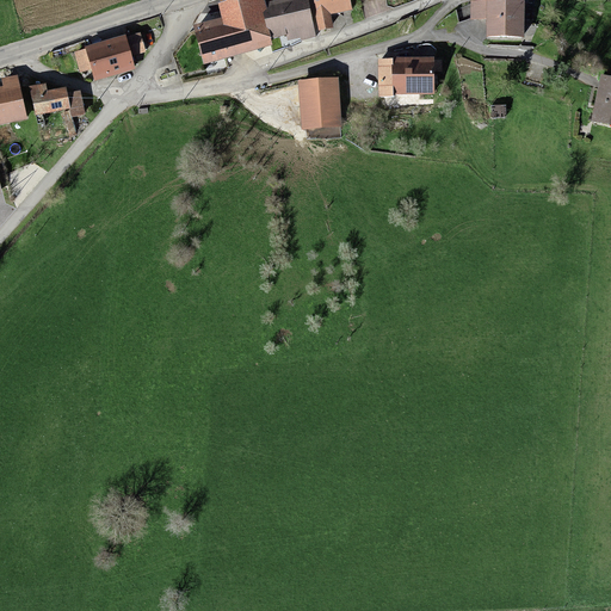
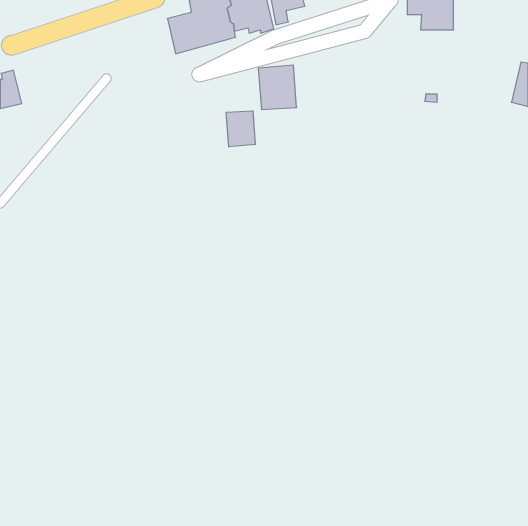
building: [74,30,146,79] -> none
building: [377,54,434,94] -> none
building: [27,87,84,118] -> none
building: none -> [226,111,255,147]

